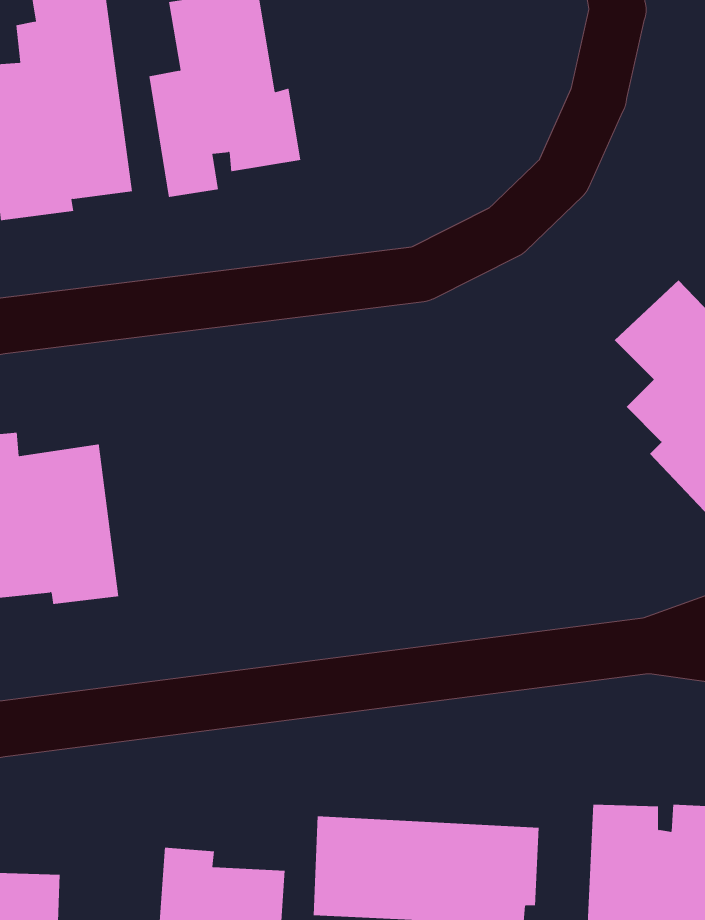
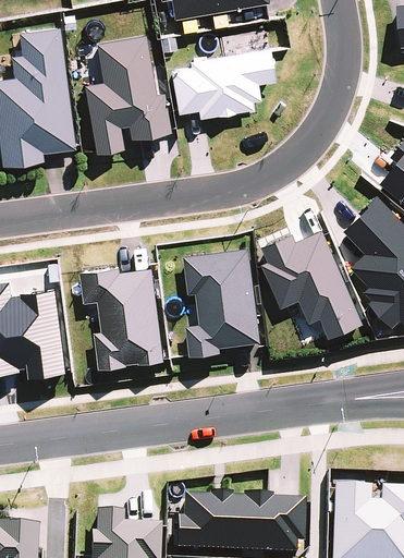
building: none -> [169,48,274,118]
building: none -> [257,230,364,339]
building: none -> [184,247,261,354]
building: none -> [81,267,166,369]

